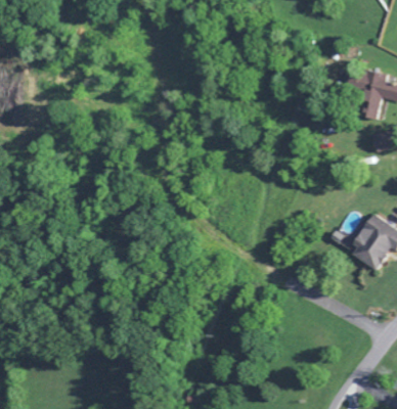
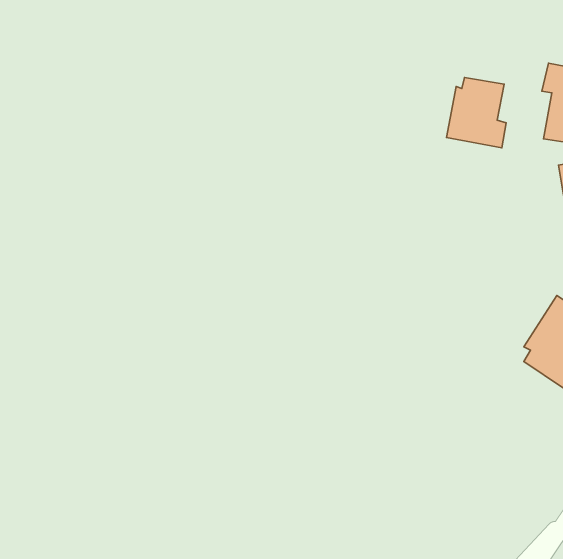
building: none -> [446,77,506,148]

